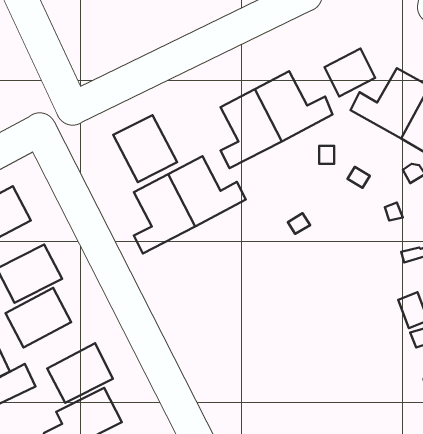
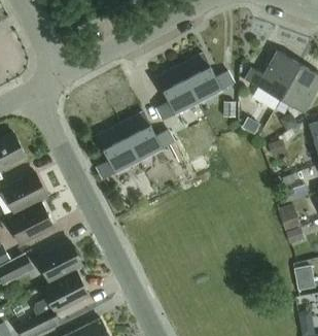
building: [325,48,375,97] -> none
building: [113,115,177,182] -> none

